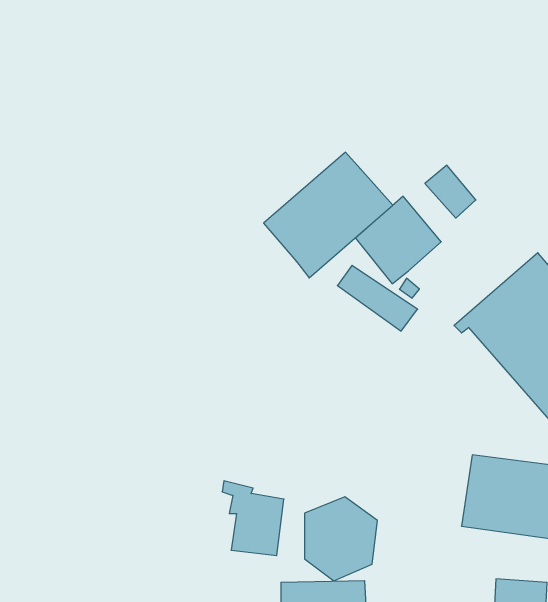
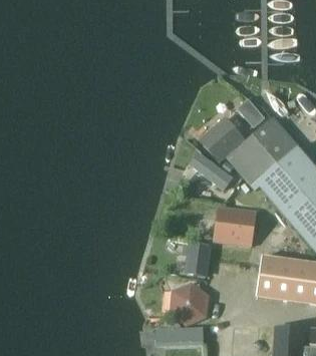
building: [264,152,393,278] -> [227,116,298,186]
building: none -> [212,205,257,245]
building: [222,481,284,556] -> [178,236,212,277]

